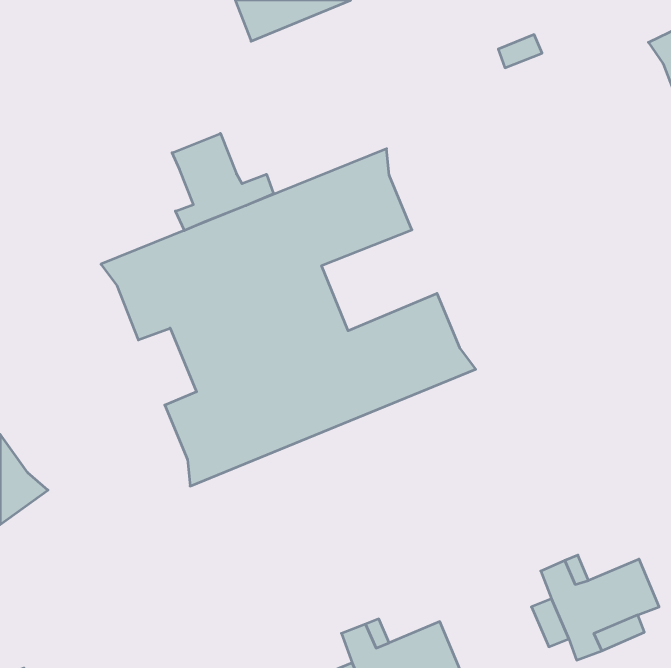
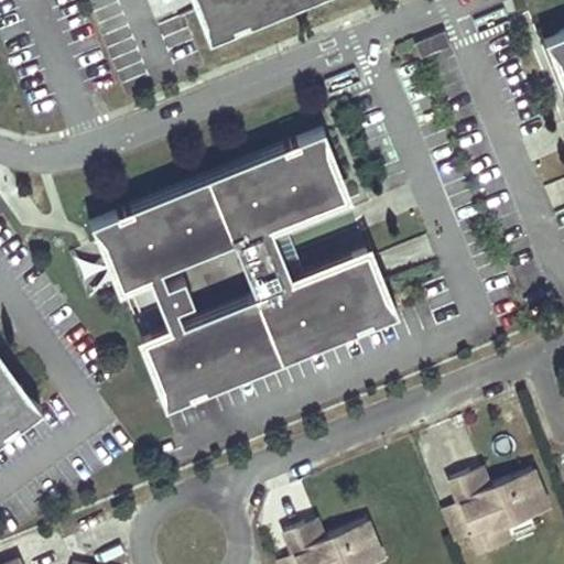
building: [172,133,274,231] -> none

